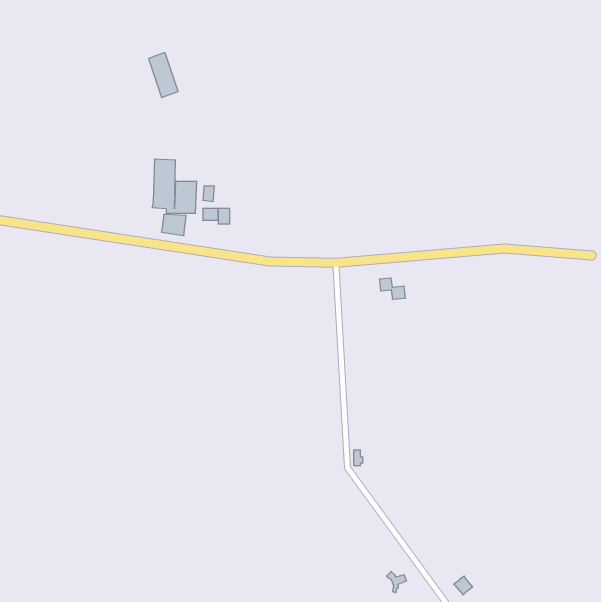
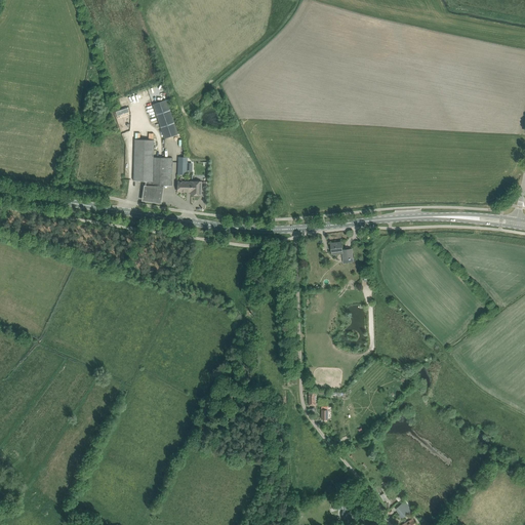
building: [149,53,178,97] -> [152,99,177,138]

